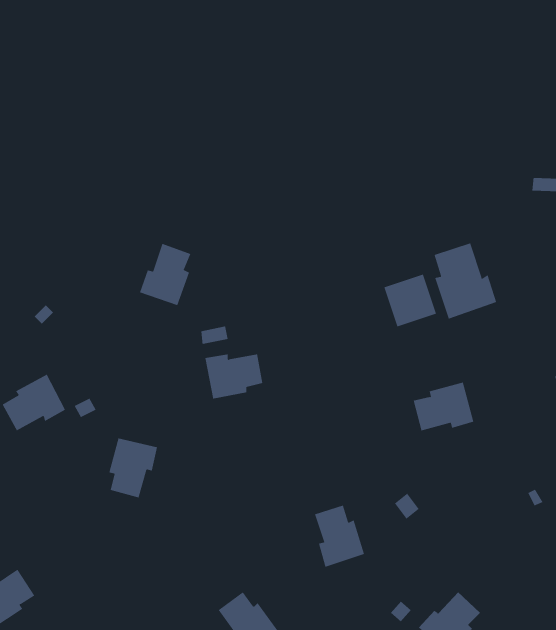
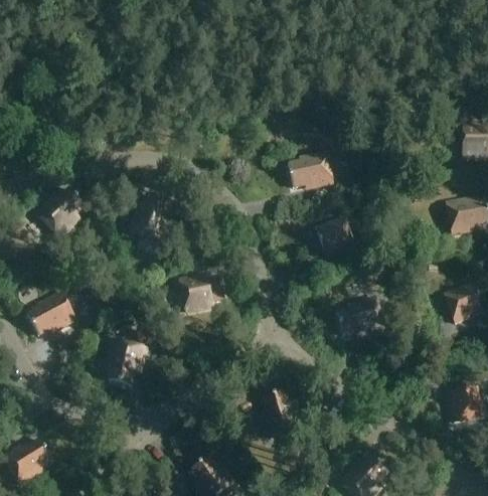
building: none -> [287,152,332,187]
building: none -> [36,188,85,235]
building: [434,243,497,320] -> none

